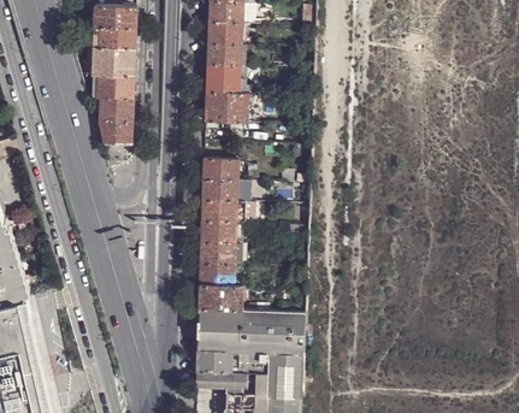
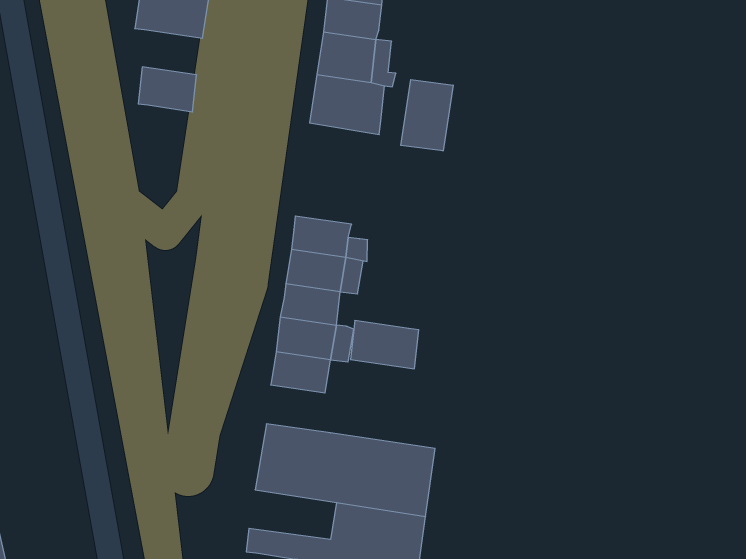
building: [96,76,134,100] -> none
building: none -> [401,80,453,151]
building: [104,122,132,144] -> none
building: [202,158,237,181] -> none
building: [199,284,238,309] -> [350,321,419,369]
building: [195,349,247,374] -> none

